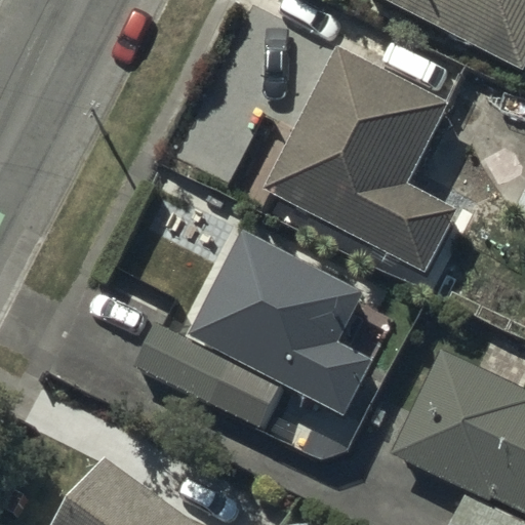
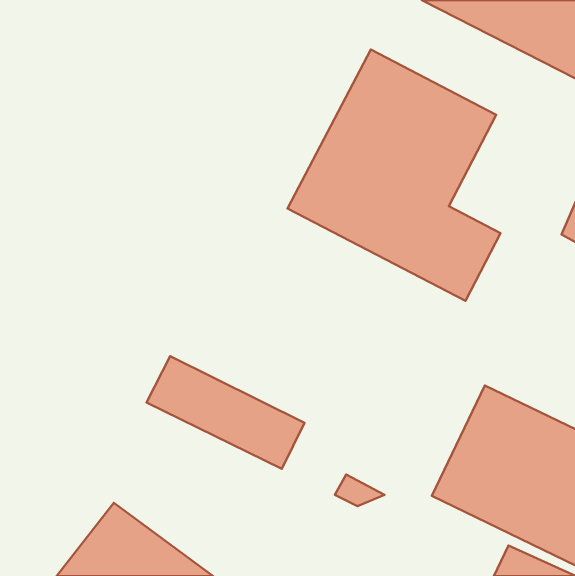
building: [188,229,369,411] -> none

